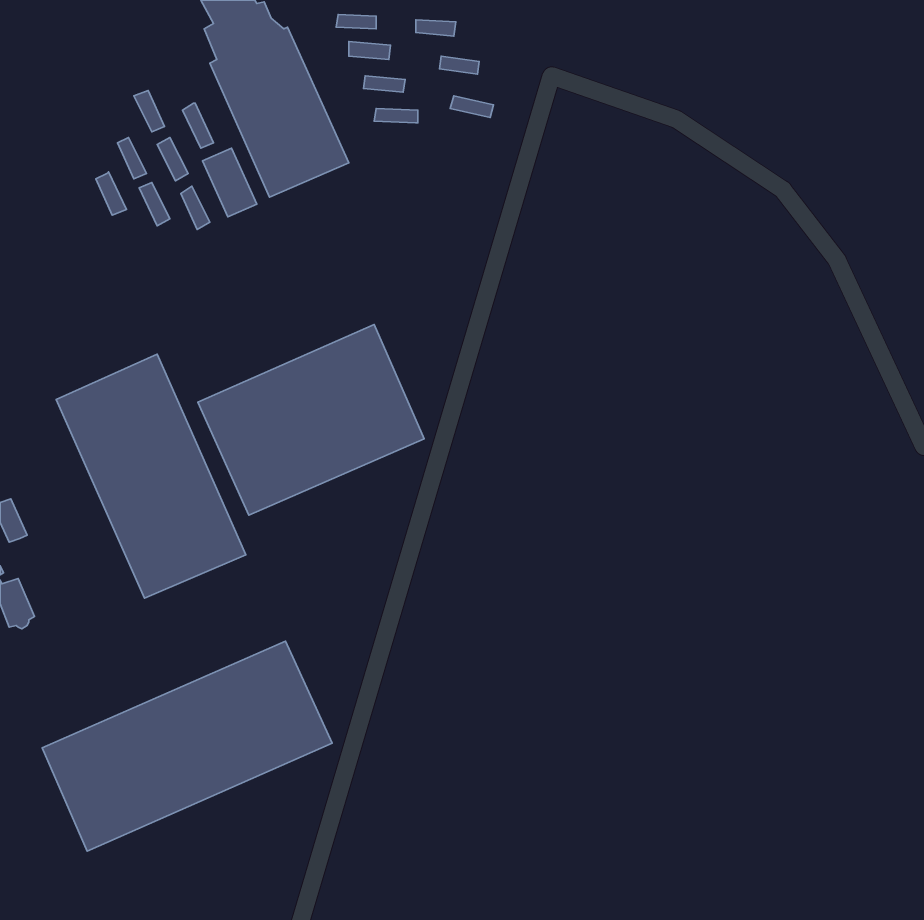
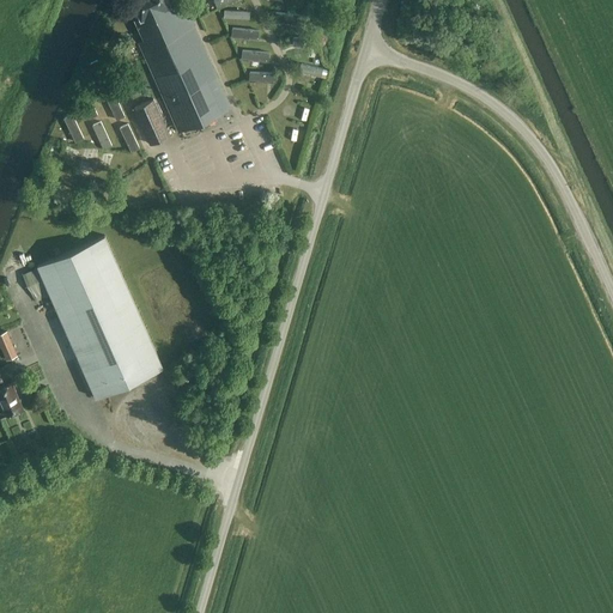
building: [198,324,424,515] -> none
building: [42,641,332,851] -> none

